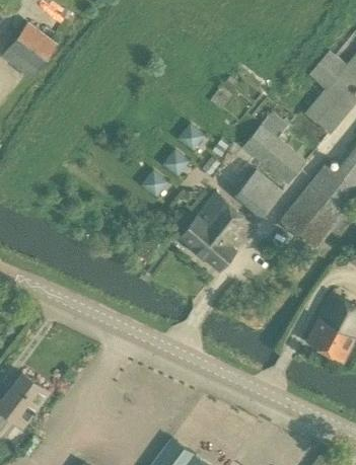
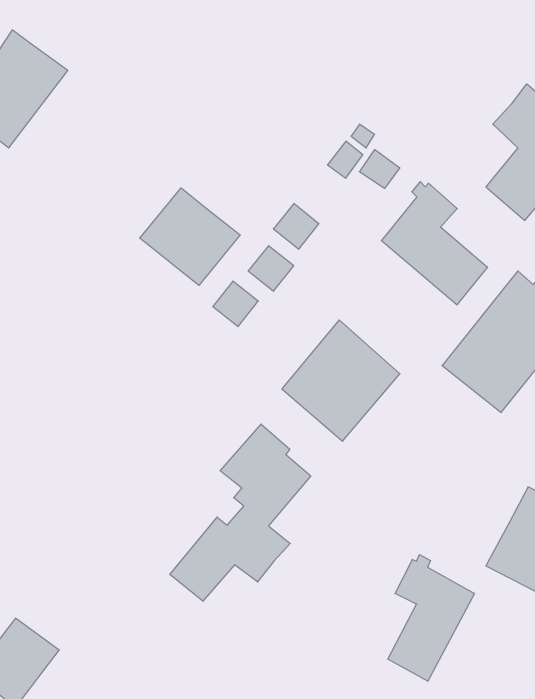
building: none -> [140,188,240,285]
building: [236,169,282,214] -> none
building: none -> [170,424,311,601]
building: none -> [388,555,474,681]

